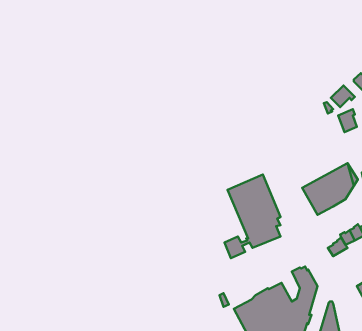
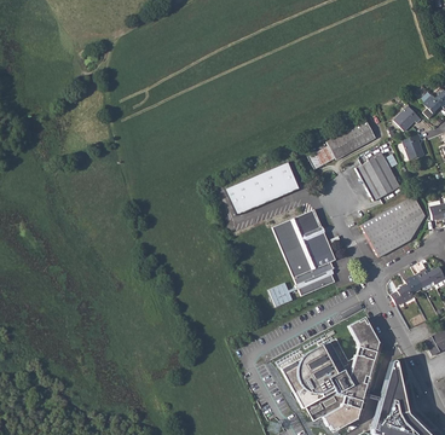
building: none -> [308,120,376,169]
building: none -> [356,152,400,201]
building: none -> [223,162,297,216]

